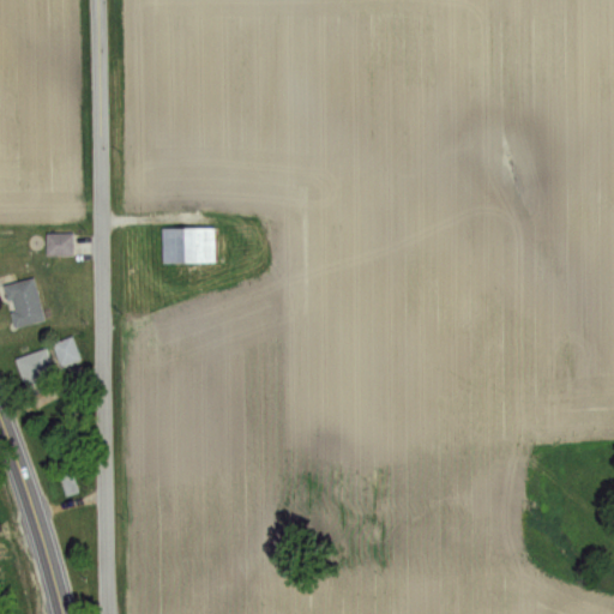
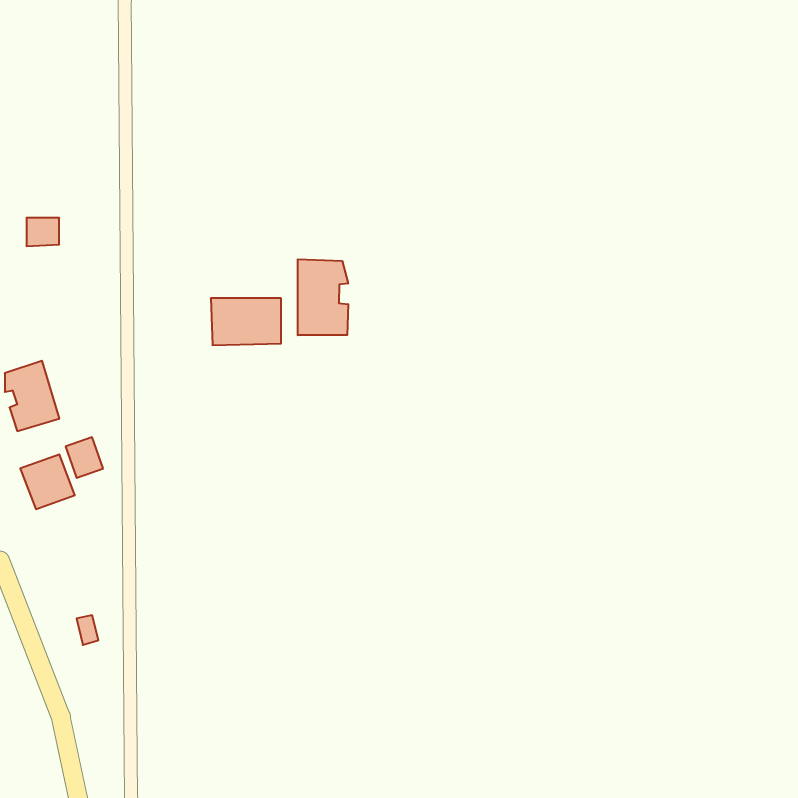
building: none -> [298,259,348,335]
building: [46,234,71,255] -> [26,218,59,246]

